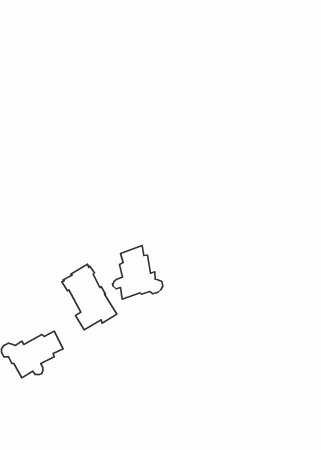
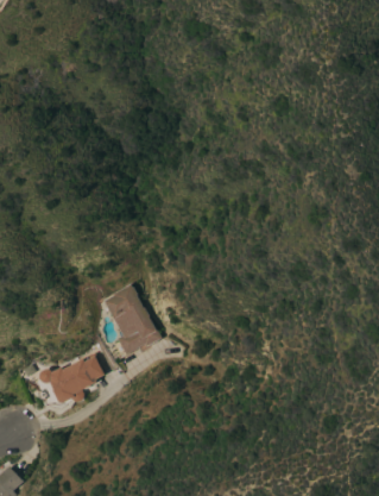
building: [113,246,163,299] -> none

